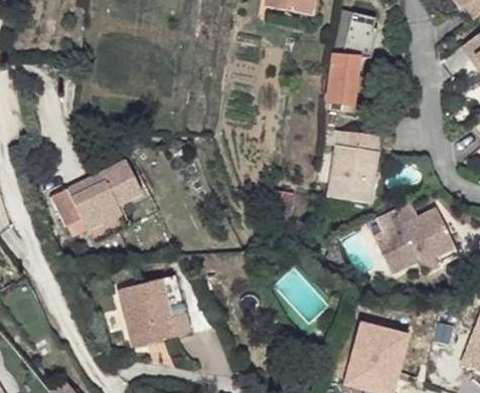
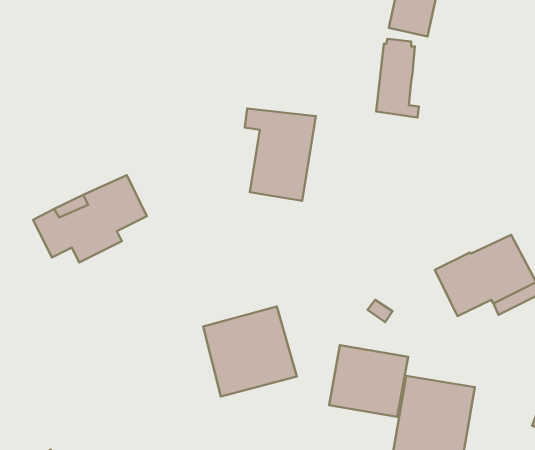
building: [325,129,382,203] -> [245,109,316,201]
building: [118,274,193,347] -> [203,307,297,396]
building: none -> [329,345,408,417]

